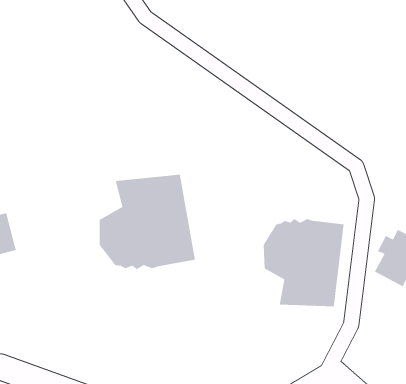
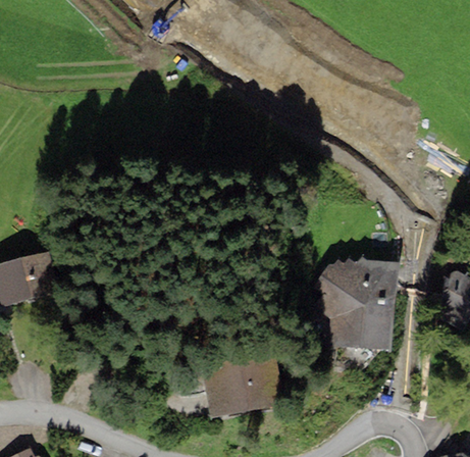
building: [99,174,196,270] -> none
building: none -> [201,351,285,418]

